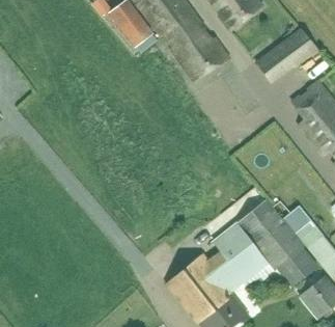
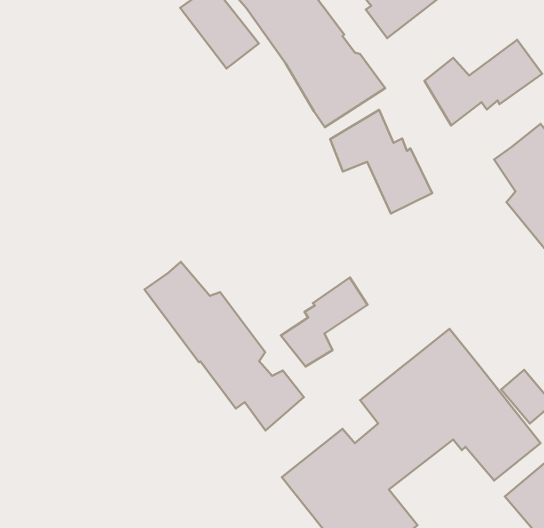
building: none -> [330,110,432,214]
building: none -> [144,262,304,431]
building: none -> [281,277,367,367]

